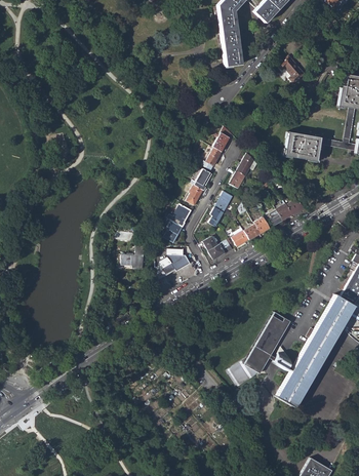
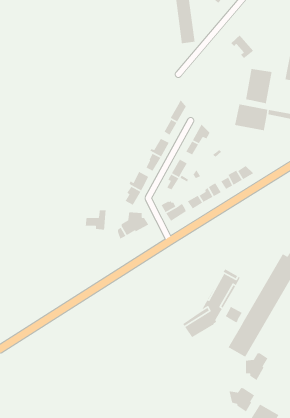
building: none -> [245,68,273,104]
building: none -> [245,353,269,381]
building: none -> [228,387,255,412]

